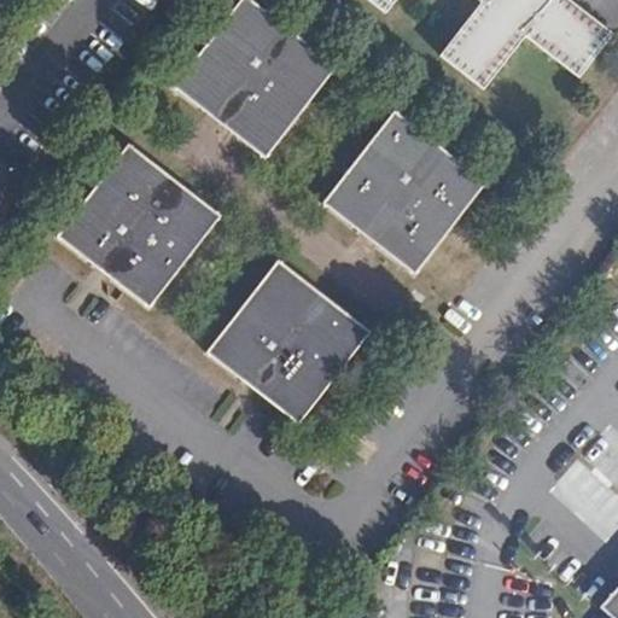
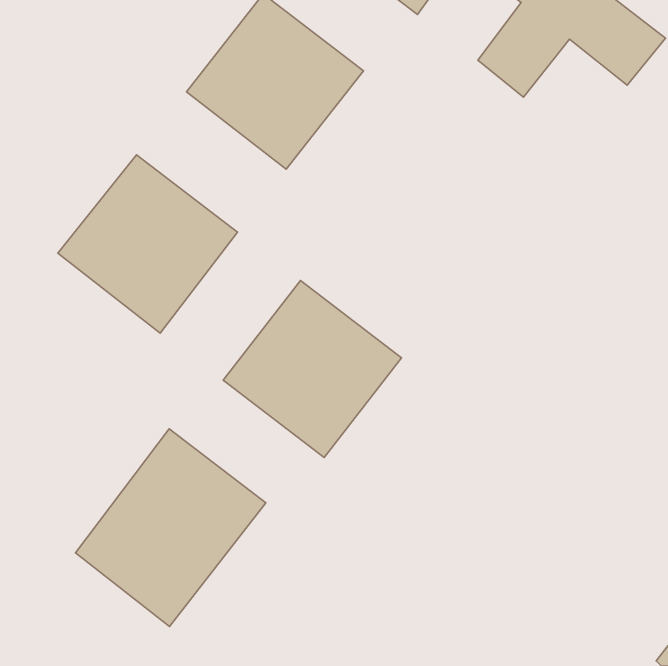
building: [323,109,486,272] -> none
building: none -> [76,429,266,627]

